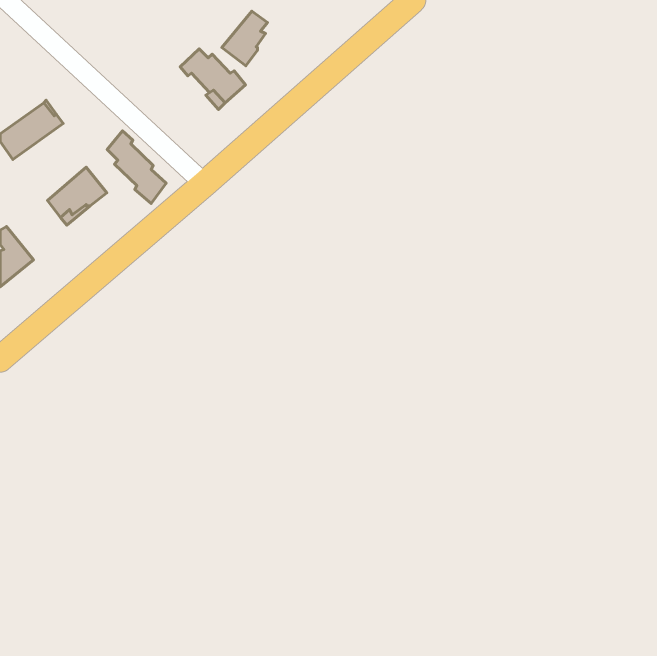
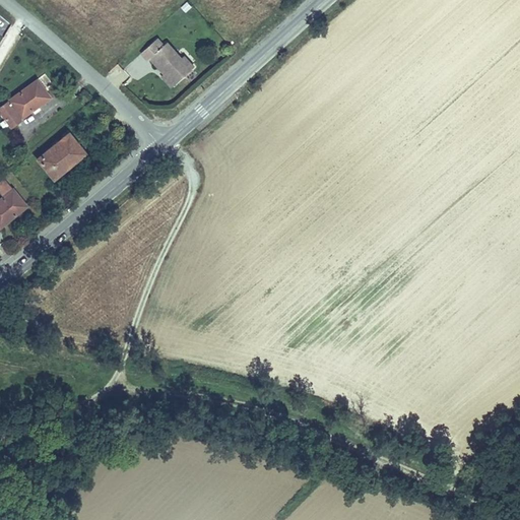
building: [222,11,268,66] -> none
building: [107,131,166,204] -> none

